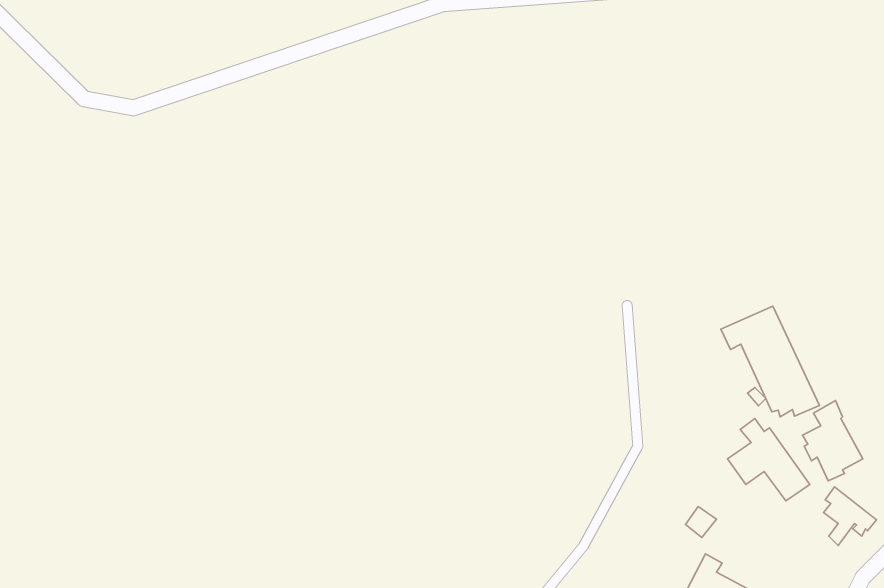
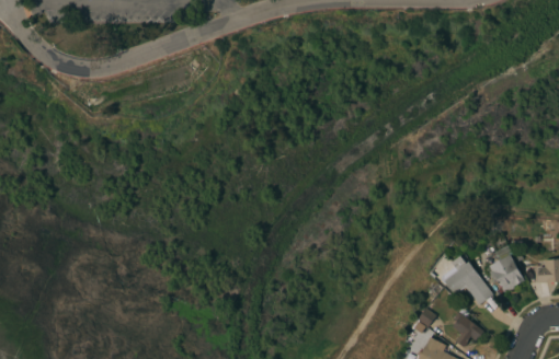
building: [721,306,820,417] -> none
building: [824,487,876,545] -> [453,311,484,346]

